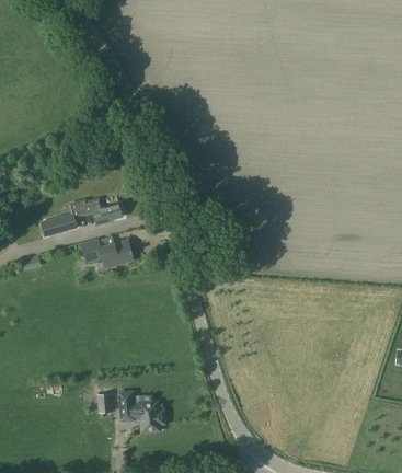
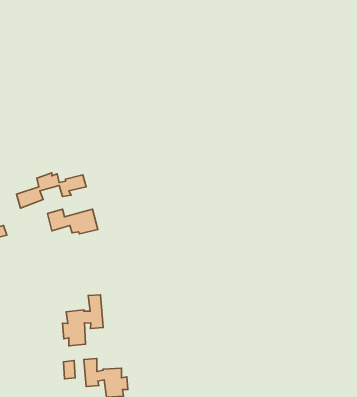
building: none -> [62,295,103,346]

